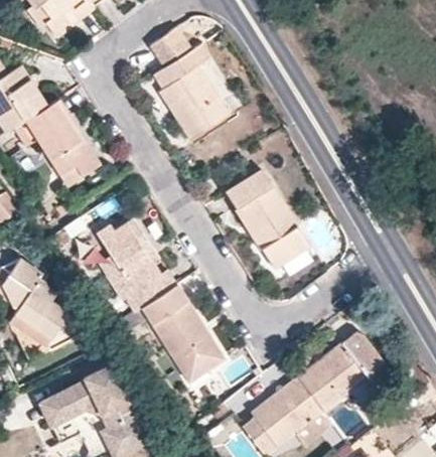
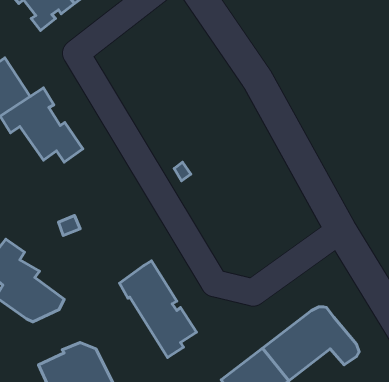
building: [150,25,227,138] -> none
building: [226,168,308,266] -> none
building: [95,217,167,312] -> none

